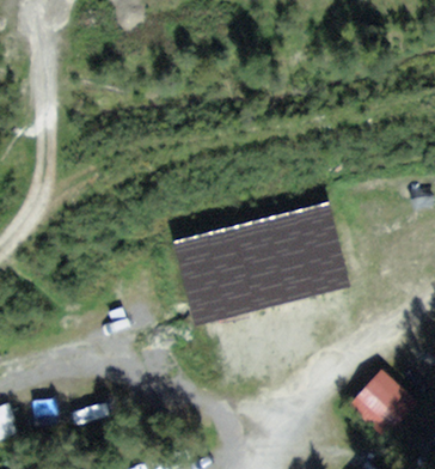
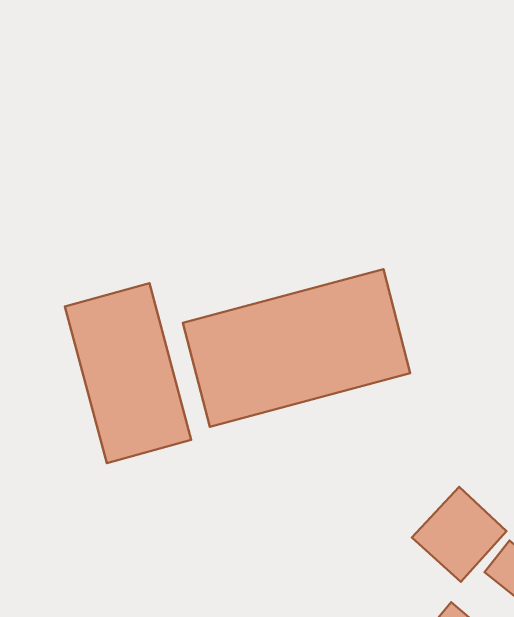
building: none -> [65,283,191,463]

